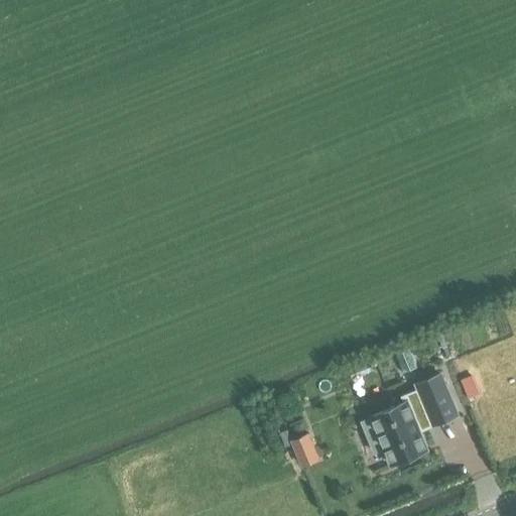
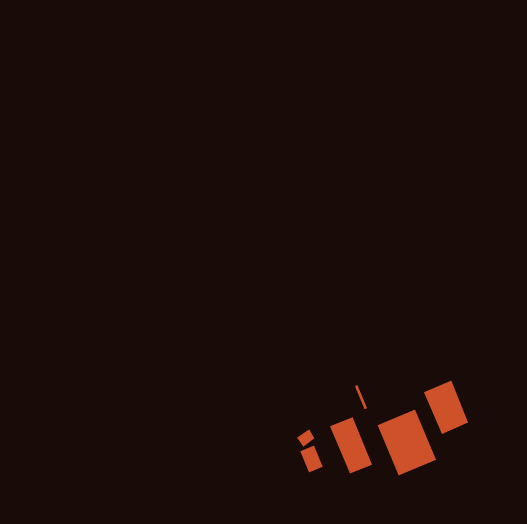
building: none -> [329,416,373,474]

